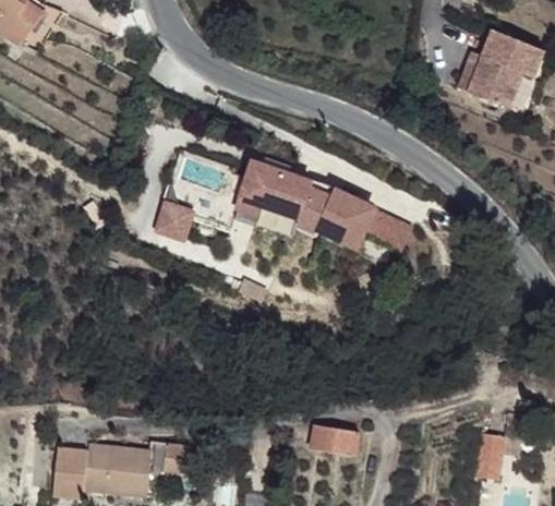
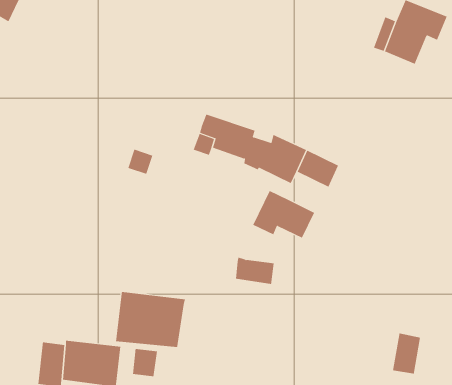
building: none -> [253,190,315,238]
building: none -> [116,291,185,348]
building: [312,424,359,457] -> [235,257,275,284]

